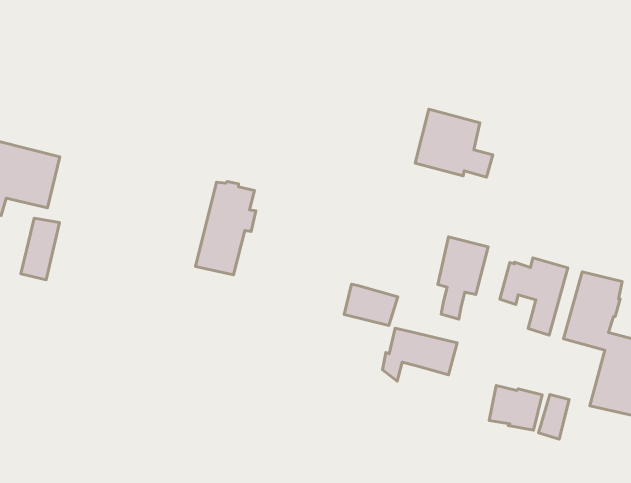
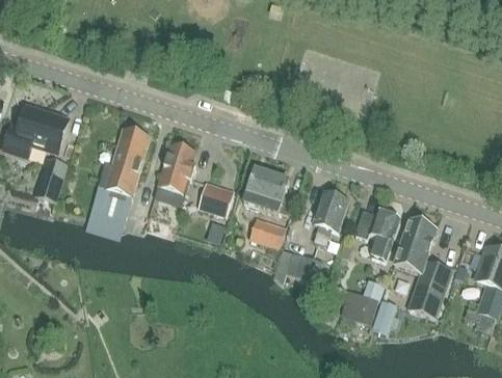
building: [415,109,493,177] -> [243,167,295,215]
building: none -> [85,128,150,239]
building: none -> [197,182,233,214]

